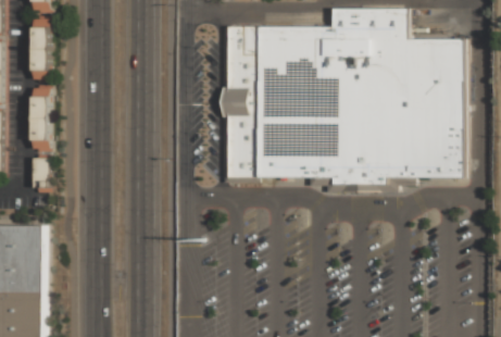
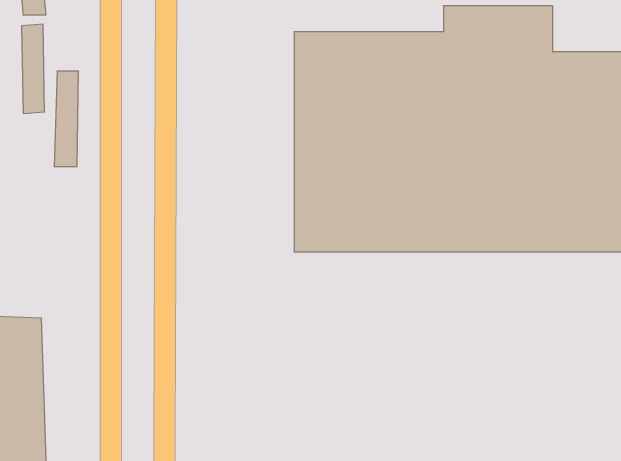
building: [32,91,49,159] -> [54,71,79,167]

